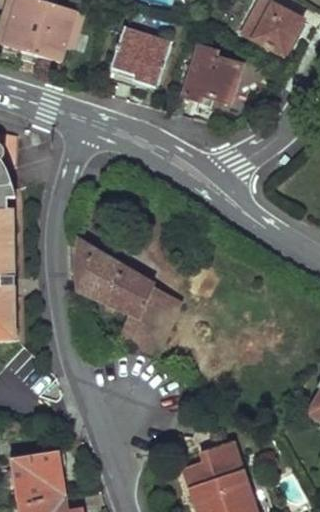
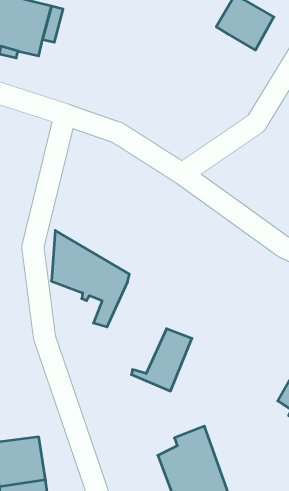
building: [110,25,171,87] -> none
building: [183,46,241,102] -> none
building: [115,291,177,355] -> [131,329,192,391]

